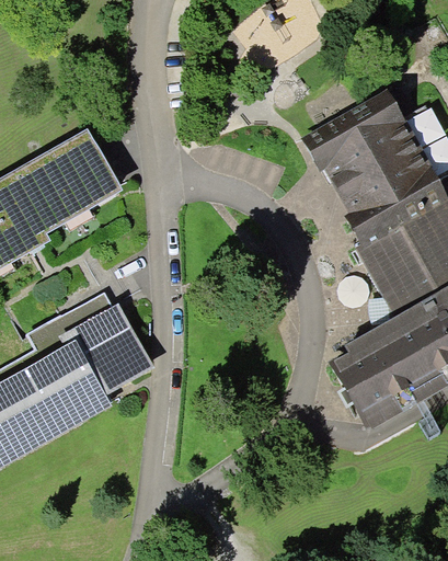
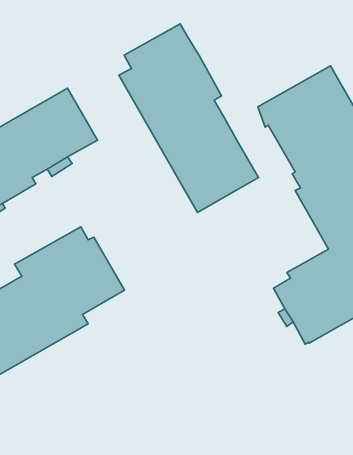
building: none -> [119,24,258,212]

